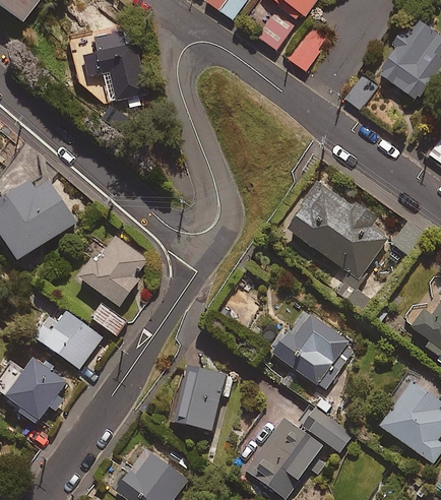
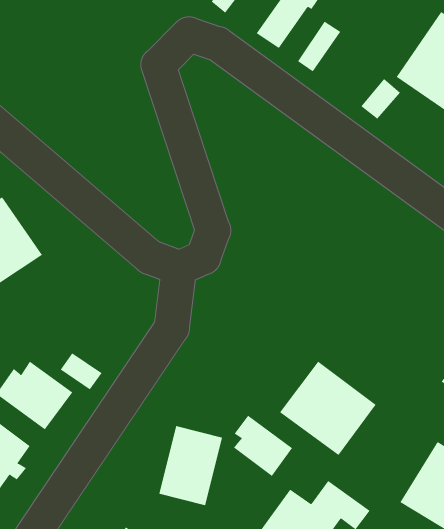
building: [84,25,148,102] -> none
building: [282,183,389,289] -> none
building: [76,235,147,306] -> none
building: none -> [233,415,293,477]

